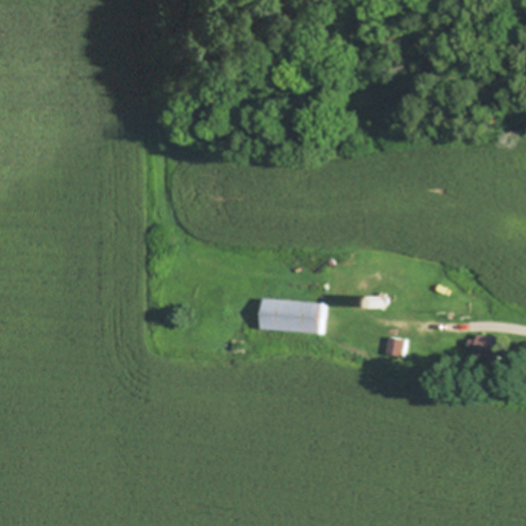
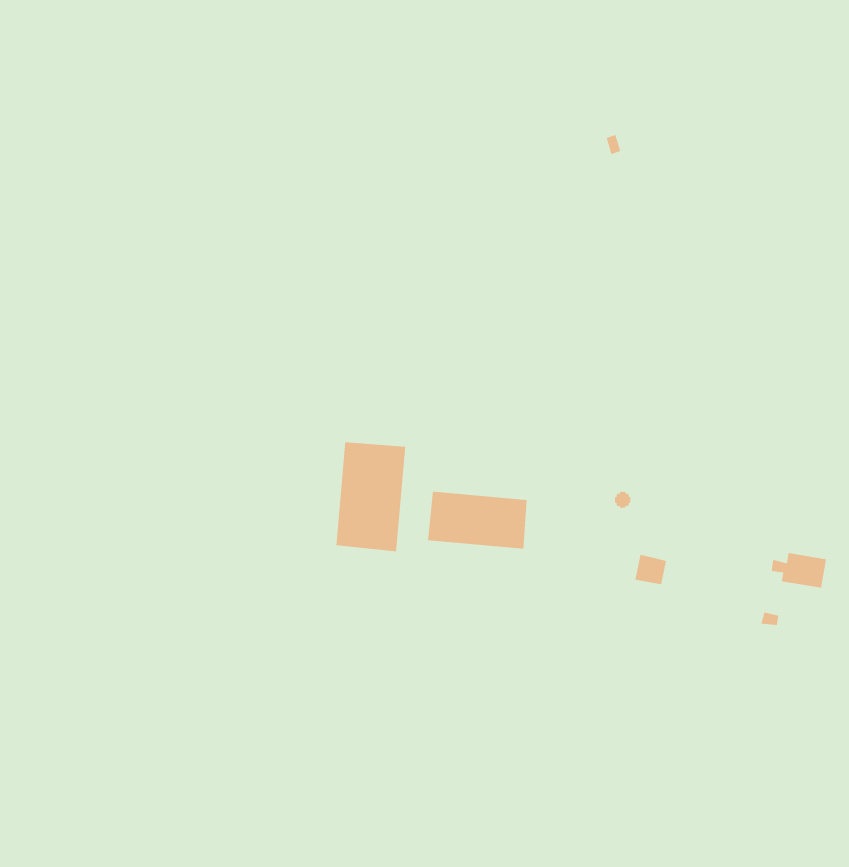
building: none -> [336,442,406,552]

